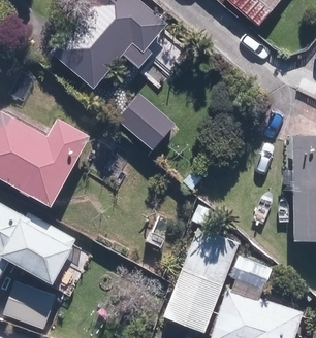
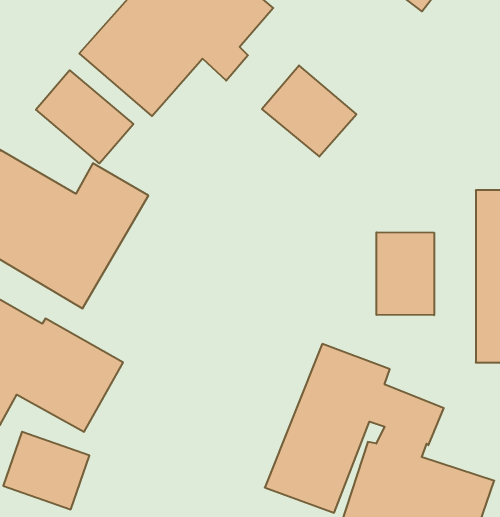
building: none -> [36,70,133,163]
building: [118,95,176,150] -> [262,65,356,157]
building: none -> [376,232,434,315]

